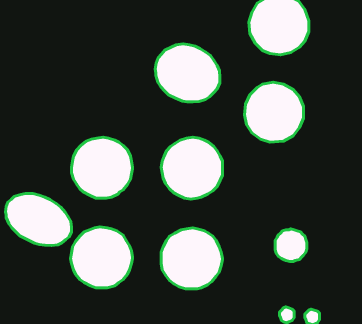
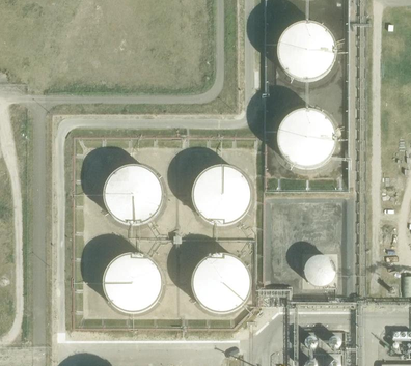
building: [155,44,220,102] -> none
building: [5,193,71,246] -> none

